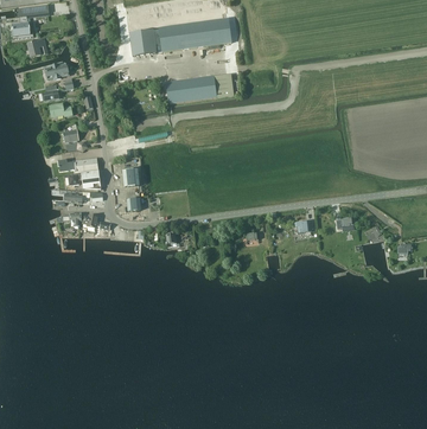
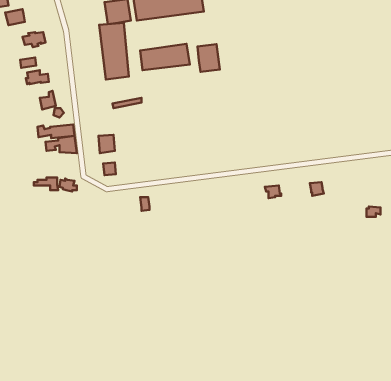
building: none -> [99,23,129,79]
building: none -> [197,44,220,72]

